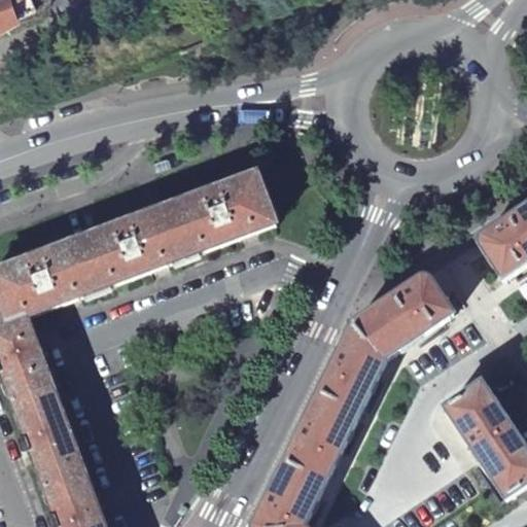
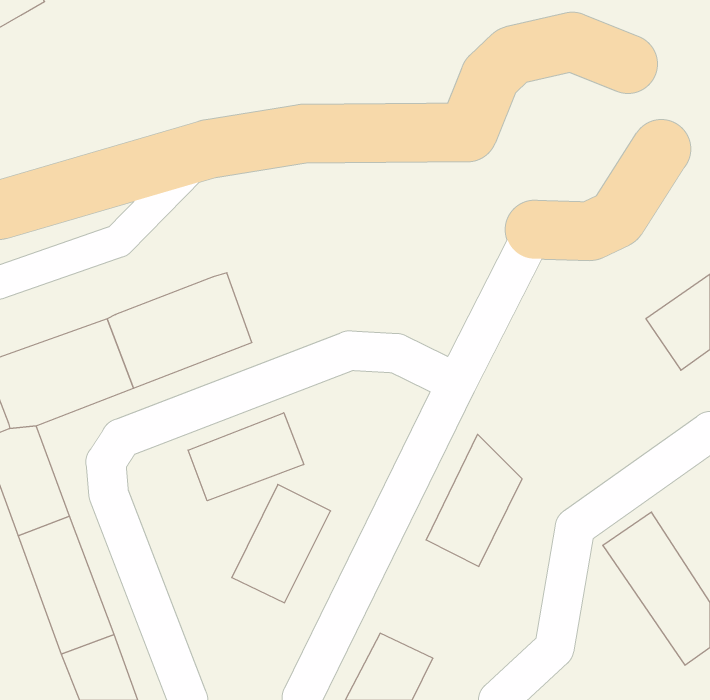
building: [168,168,278,253] -> none
building: [353,272,452,354] -> none
building: none -> [188,413,304,501]
building: [281,399,354,487] -> [232,484,331,603]

